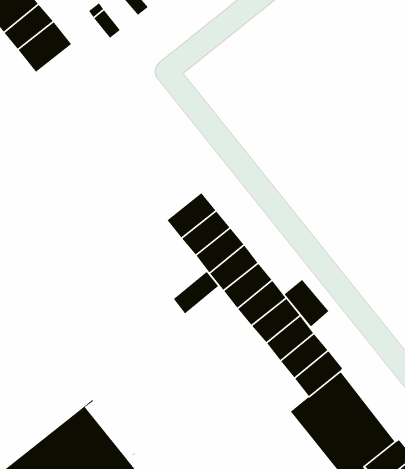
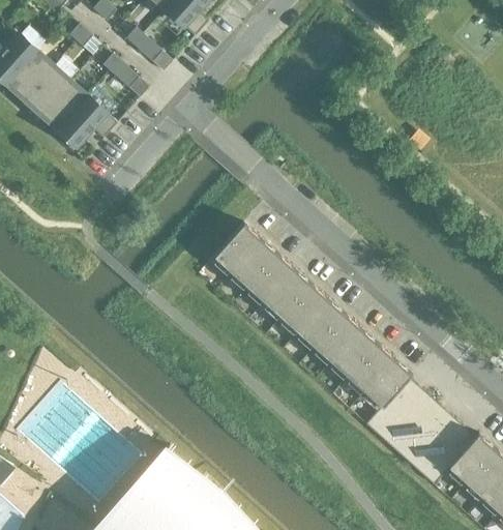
building: none -> [58,100,117,151]
building: [173,271,219,314] -> none
building: [284,279,330,328] -> none

